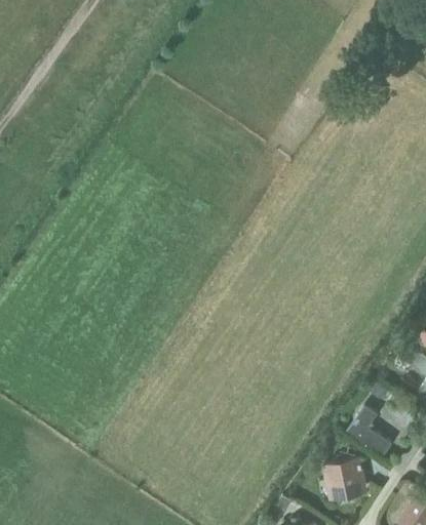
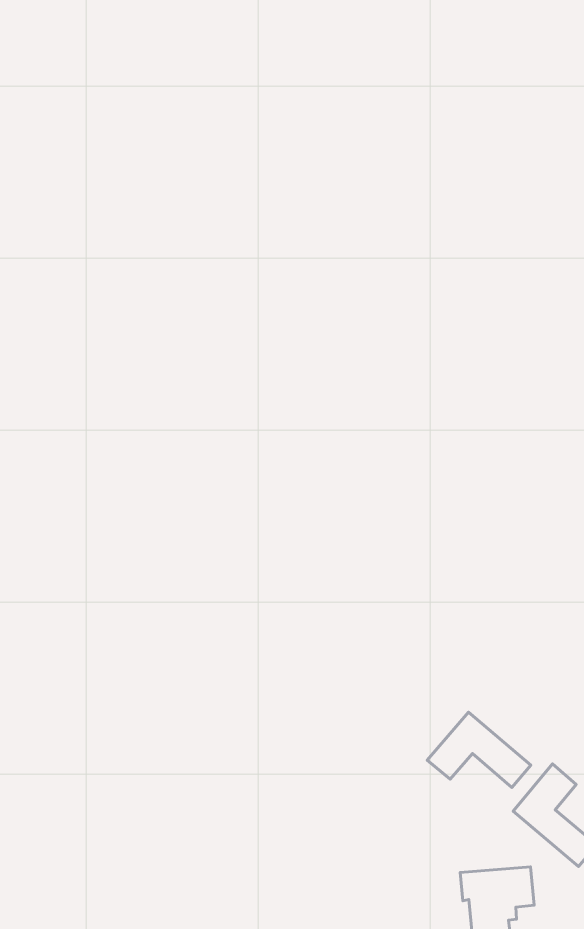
building: none -> [427,712,531,788]

